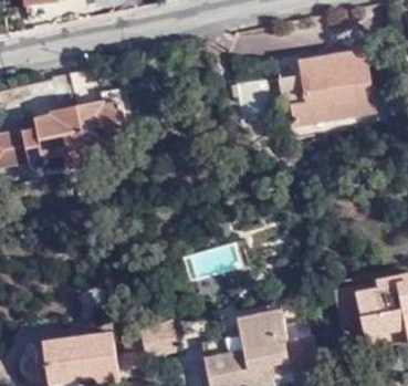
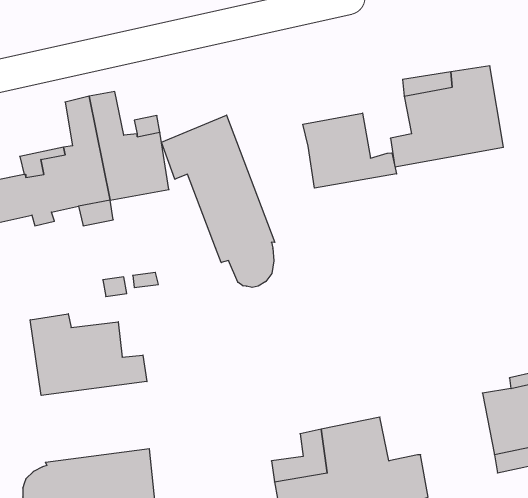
building: none -> [303,113,397,188]
building: none -> [161,115,275,287]
building: none -> [30,314,147,395]

